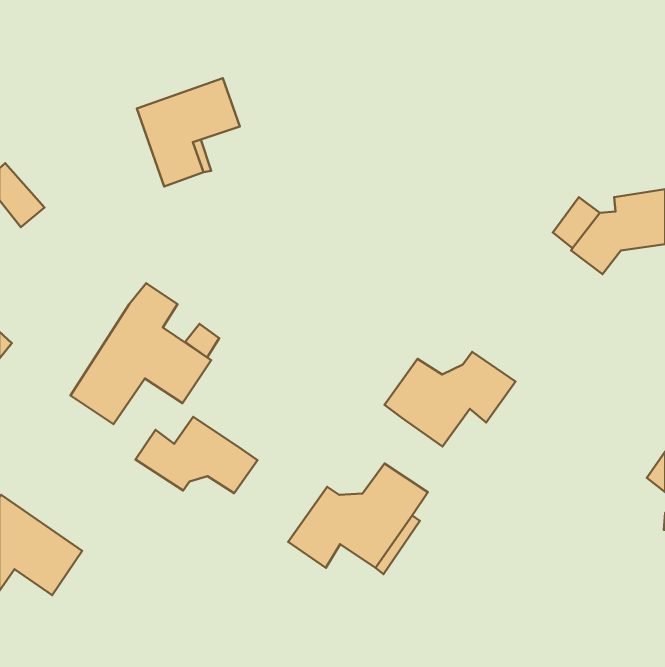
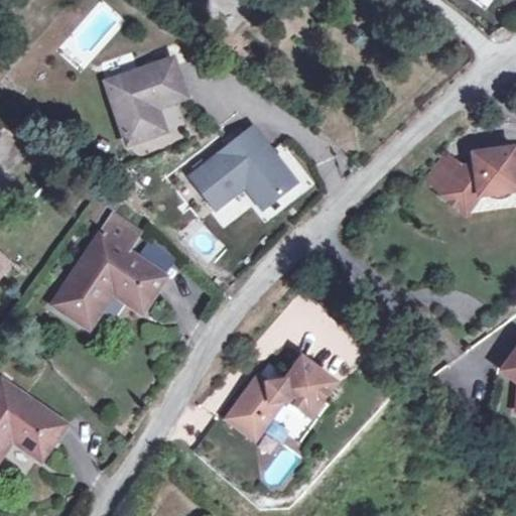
building: none -> [190,126,295,208]
building: [384,352,515,446] -> none
building: [136,417,257,493] -> none

